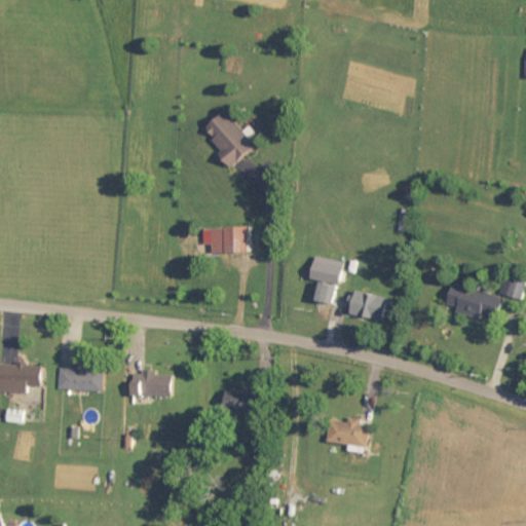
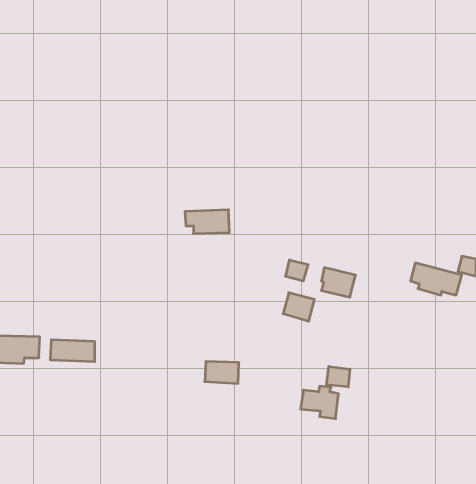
building: [204,113,255,166] -> none
building: [309,256,343,287] -> [283,293,314,321]
building: [128,370,172,398] -> none
building: none -> [327,366,350,387]

